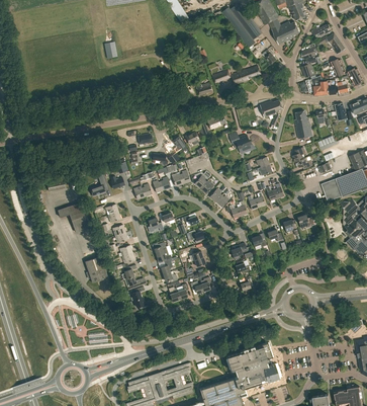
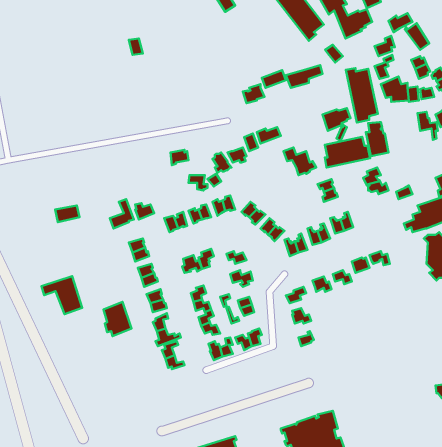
building: none -> [346,68,378,123]
building: none -> [325,137,370,167]
building: [58,201,90,232] -> [42,276,82,314]

